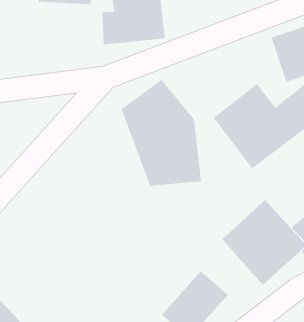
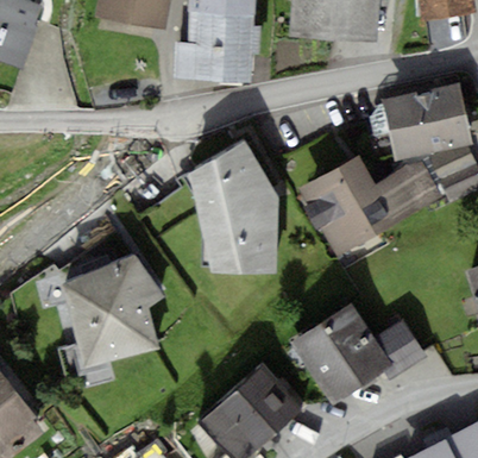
building: none -> [61,253,163,368]

